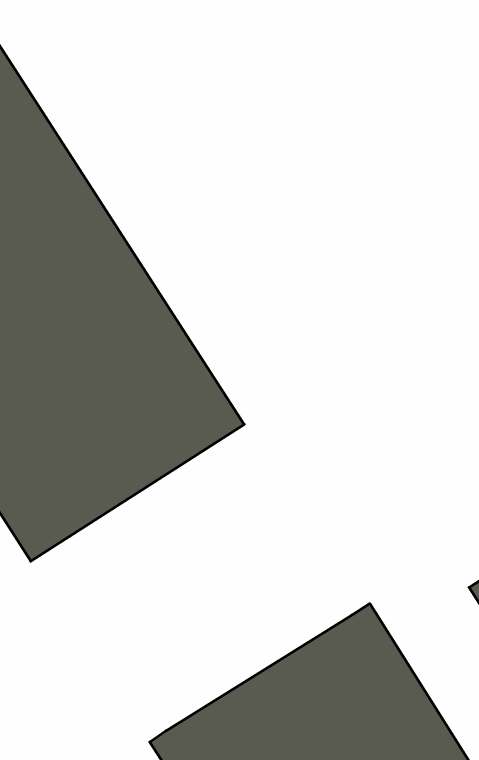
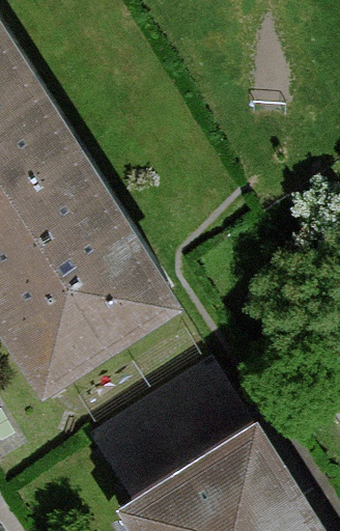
building: none -> [94,371,247,500]

